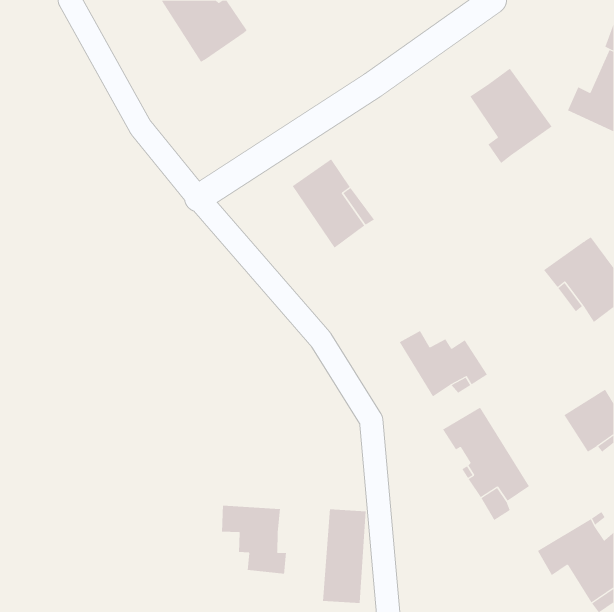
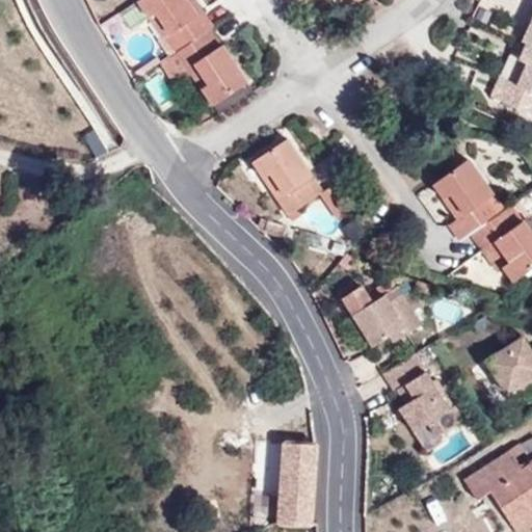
building: none -> [178,29,247,107]
building: [469,68,552,164] -> [433,159,505,242]
building: [222,505,286,575] -> none

